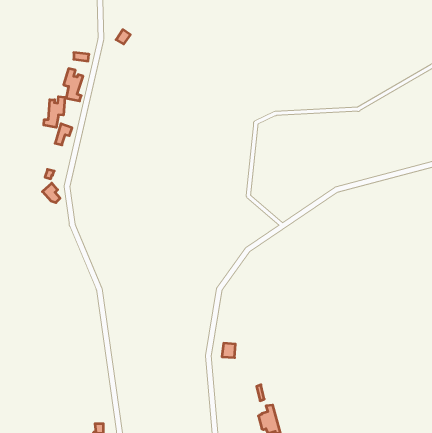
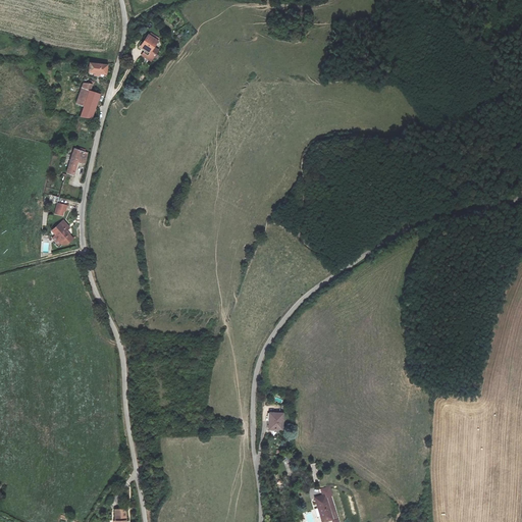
building: [44,97,65,127] -> none

